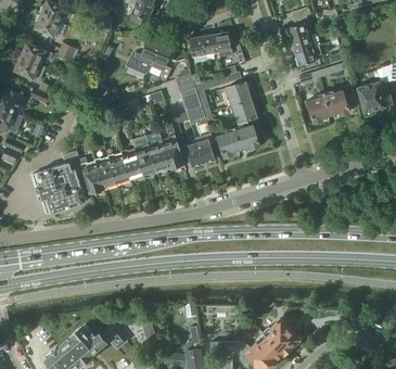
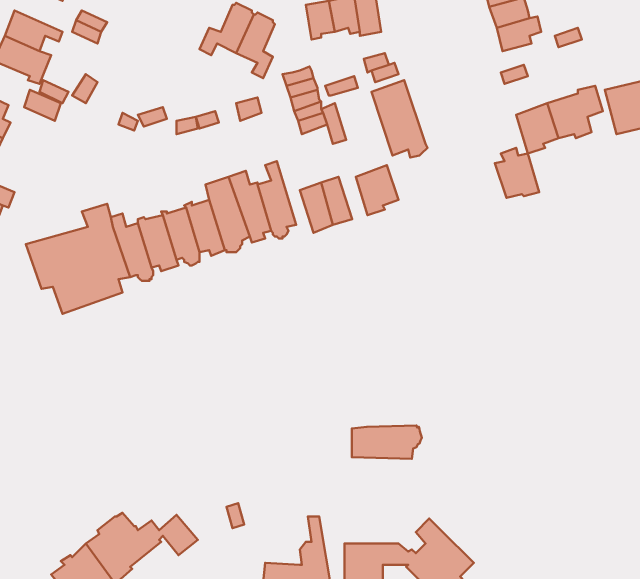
building: [234,120,259,149] -> [495,148,539,198]
building: none -> [352,425,422,459]
building: [265,318,301,355] -> none

